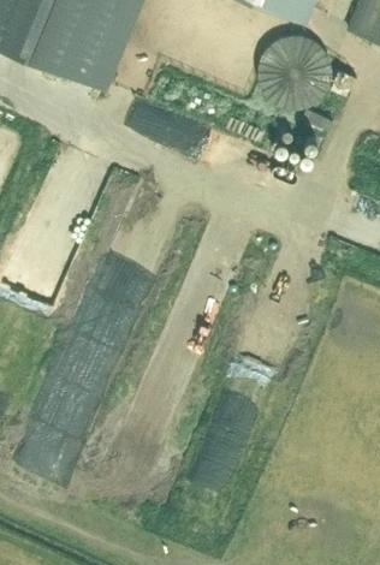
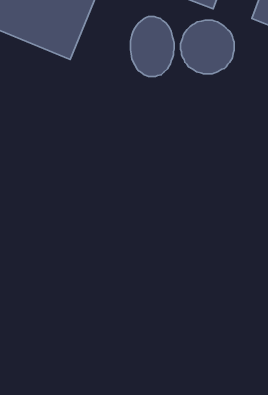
building: none -> [131,16,174,77]

